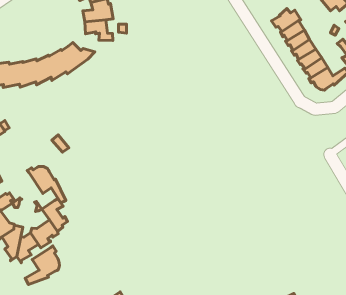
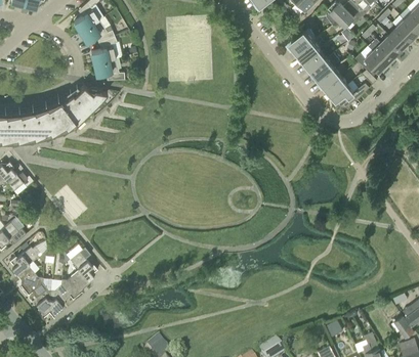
building: [27,167,66,203] -> none
building: [25,246,59,285] -> none

